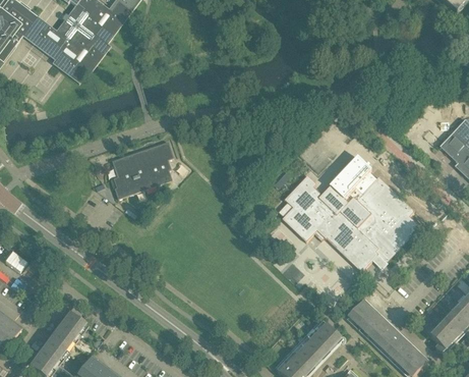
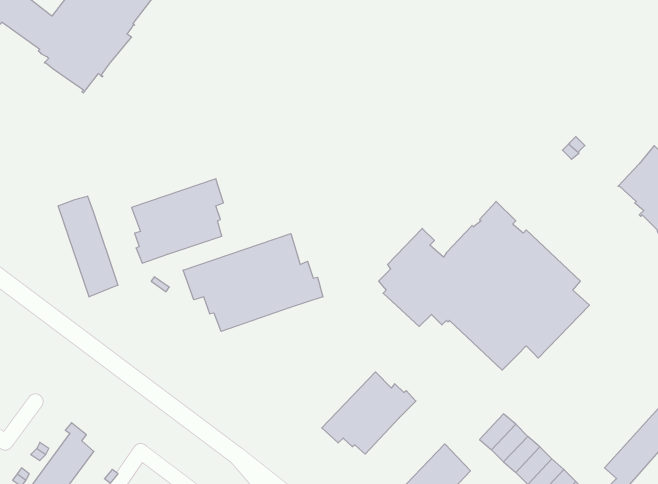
building: none -> [58,196,118,297]
building: none -> [183,234,323,331]
building: none -> [322,372,416,454]

